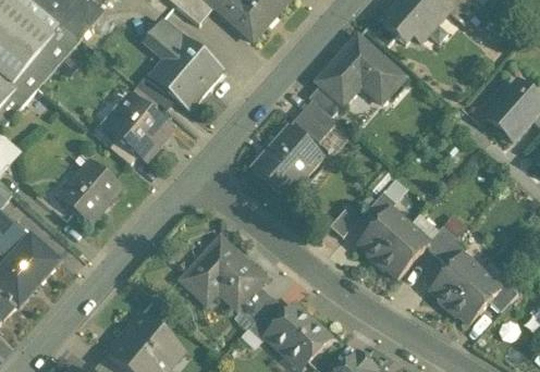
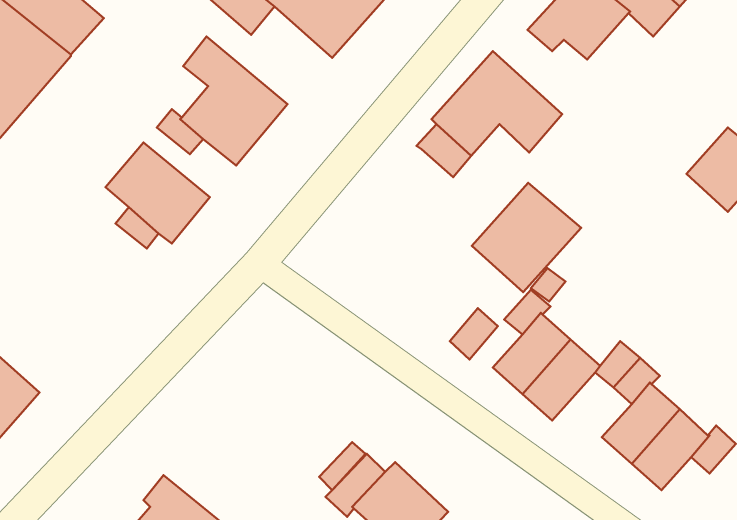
building: [294,99,336,141] -> none
building: [251,125,323,197] -> [472,183,581,292]
building: [59,160,121,224] -> none
building: [182,238,266,310] -> none

